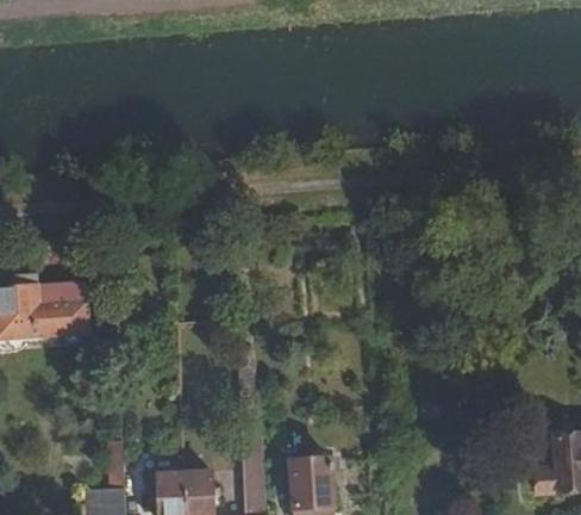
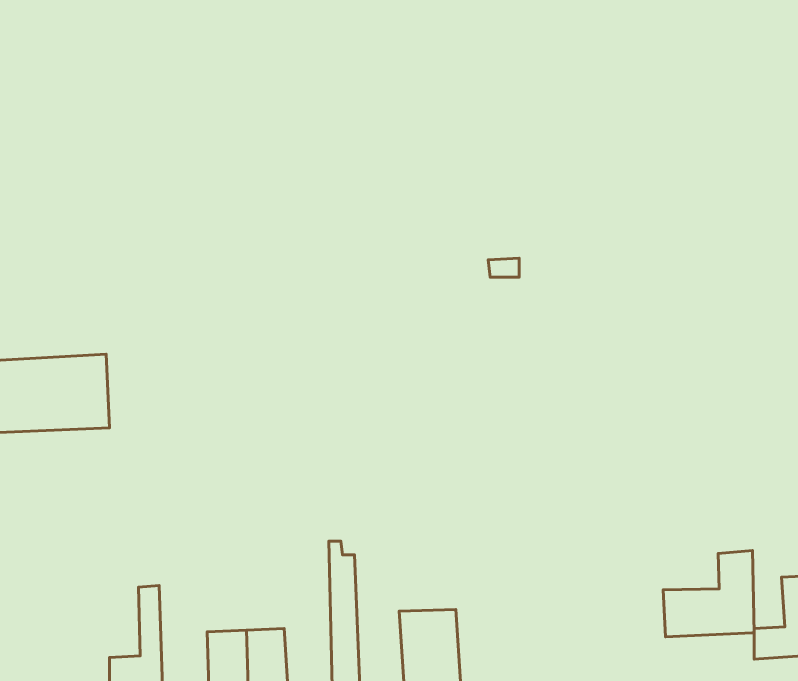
building: none -> [663,551,754,637]

